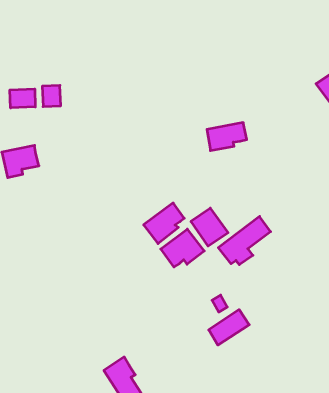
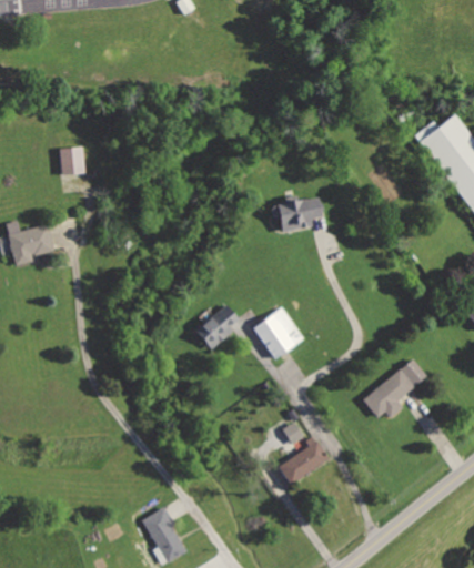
building: [10,89,35,108] -> none
building: [218,216,271,265] -> [360,357,428,420]
building: [161,229,204,267] -> none

